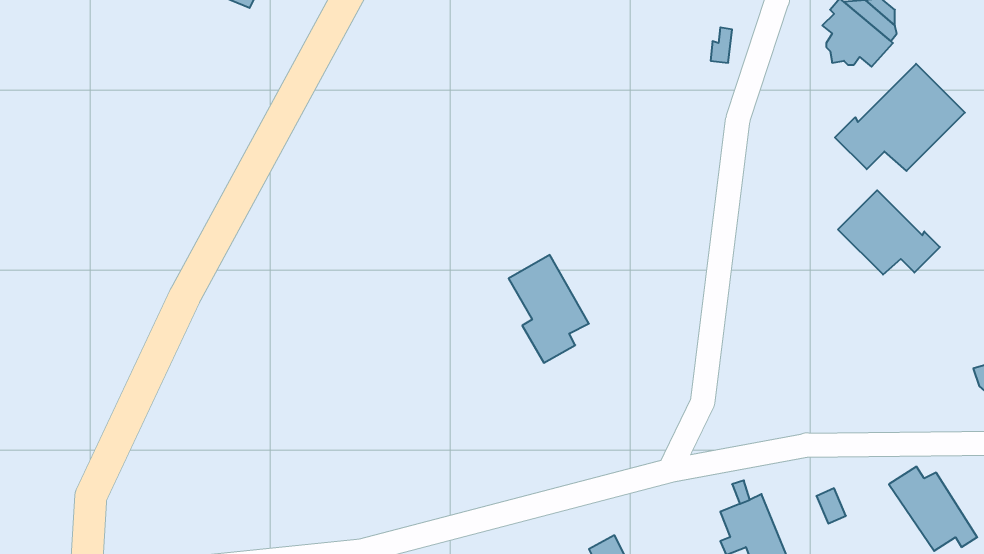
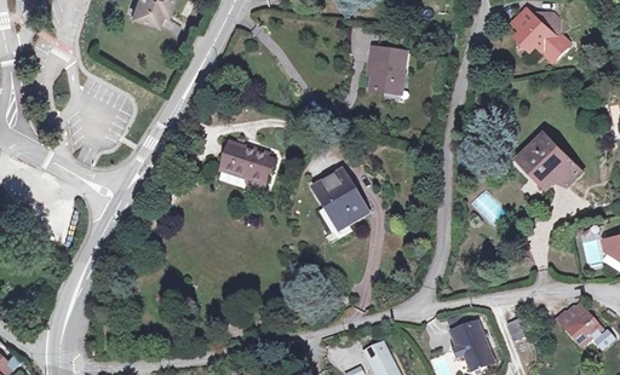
building: none -> [373,46,409,93]
building: [835,64,965,171] -> none
building: none -> [223,143,276,186]

